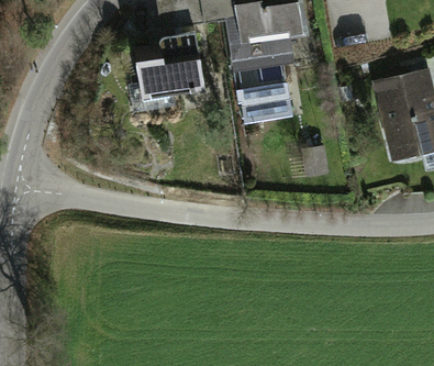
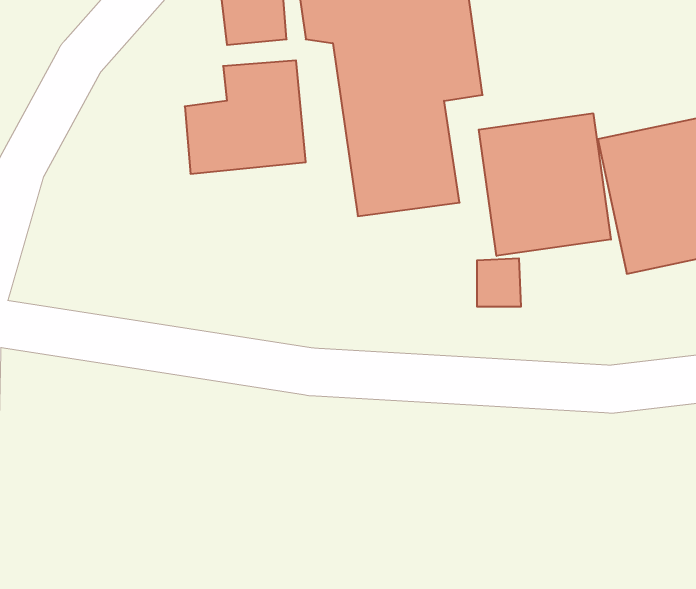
building: none -> [479,113,611,256]

